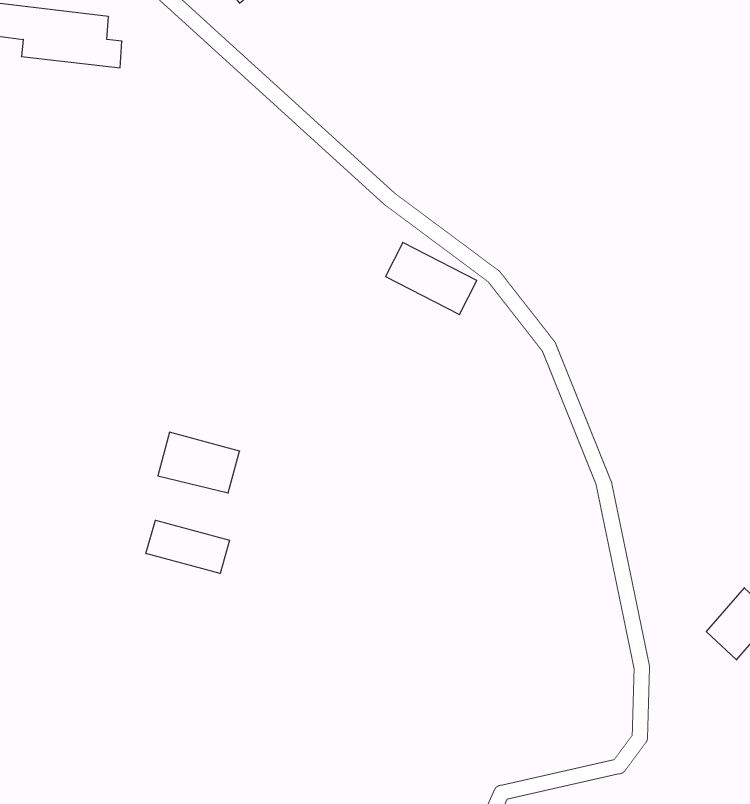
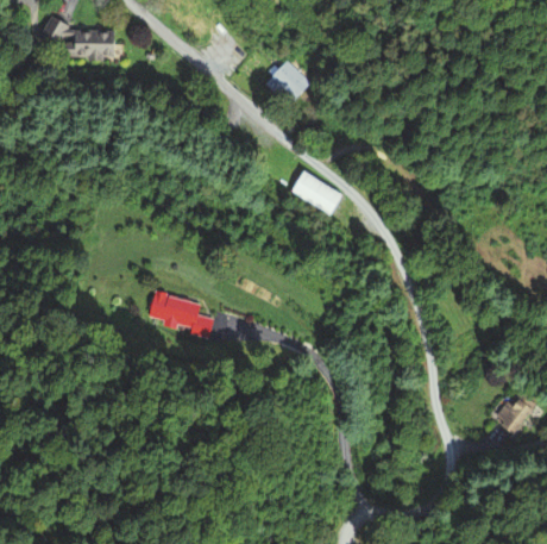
building: none -> [268,60,315,107]
building: [146,520,229,574] -> none

